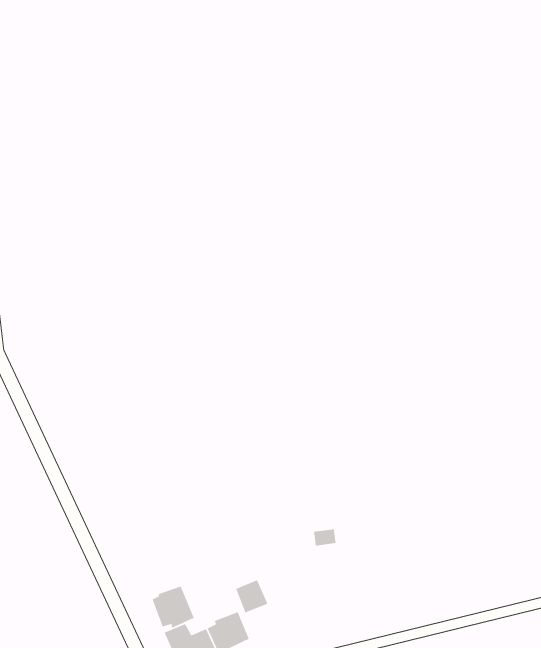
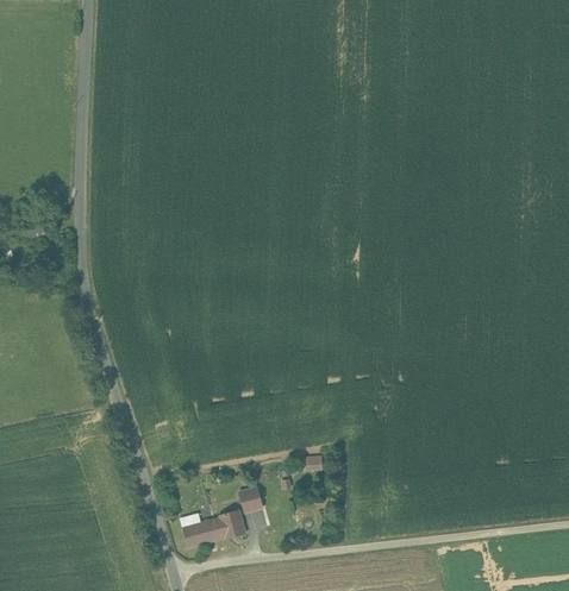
building: [152,585,195,629] -> none

